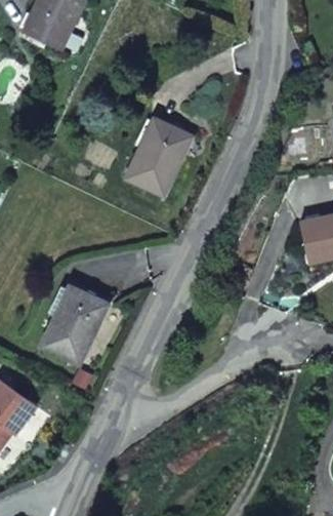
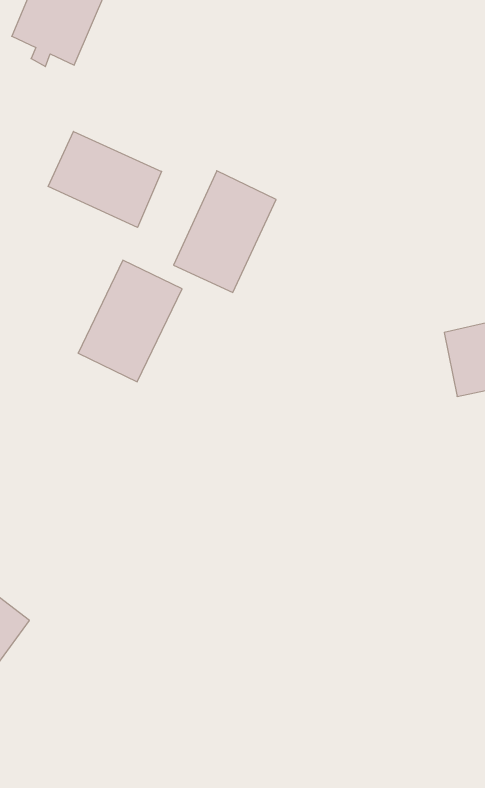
building: none -> [48,131,162,227]
building: [42,285,109,363] -> [78,260,182,382]

